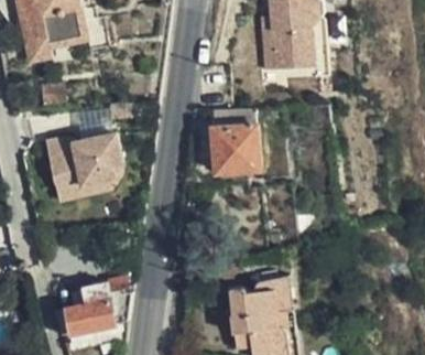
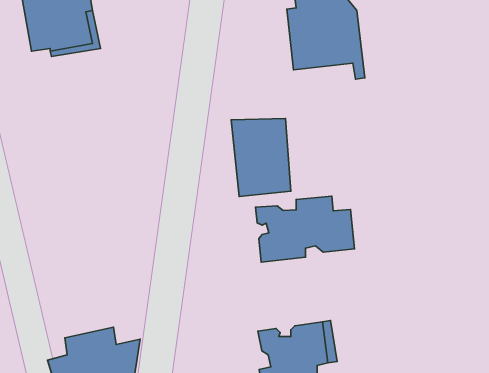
building: [46,133,124,185] -> none
building: none -> [256,196,354,262]

